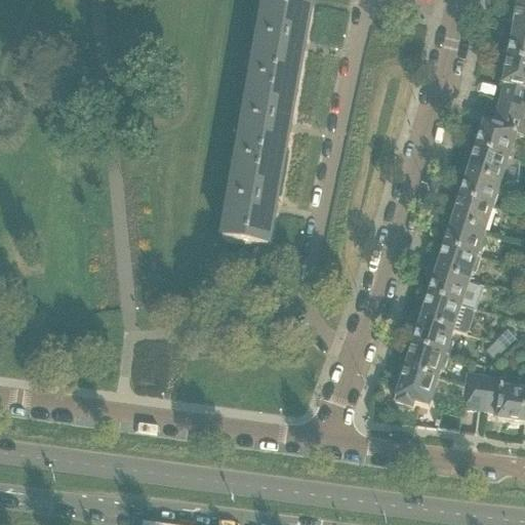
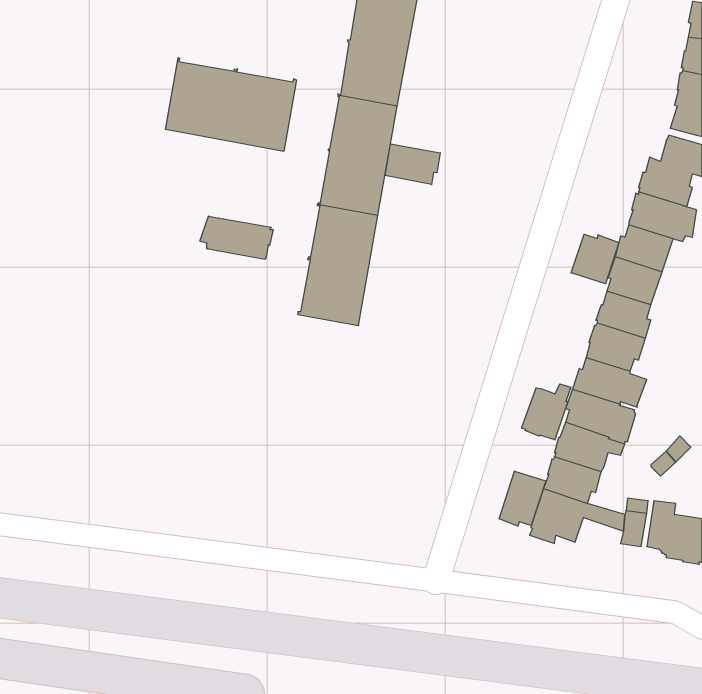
building: none -> [165,58,297,151]
building: none -> [385,144,440,185]
building: none -> [200,216,273,259]
building: none -> [571,234,619,284]
building: none -> [522,384,571,440]
building: none -> [499,471,546,526]

